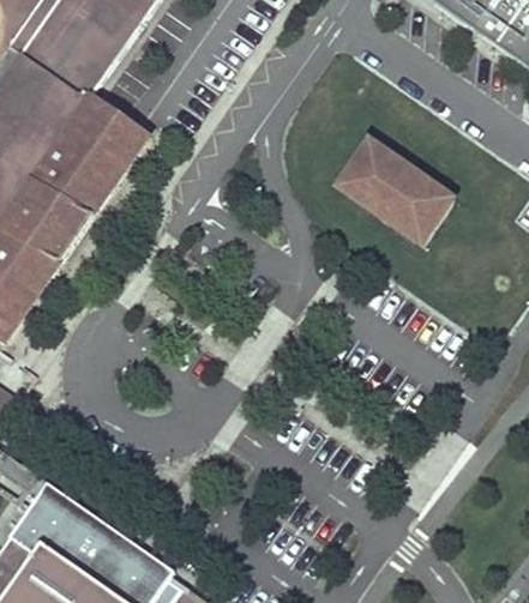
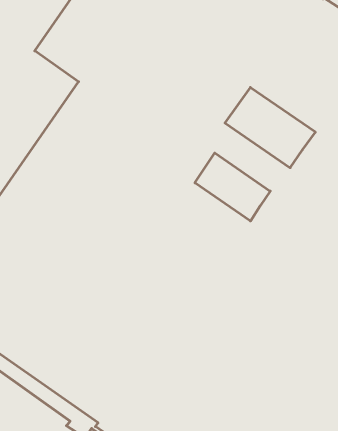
building: none -> [195,153,270,221]

